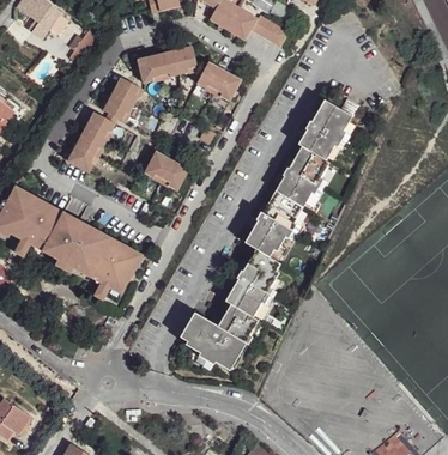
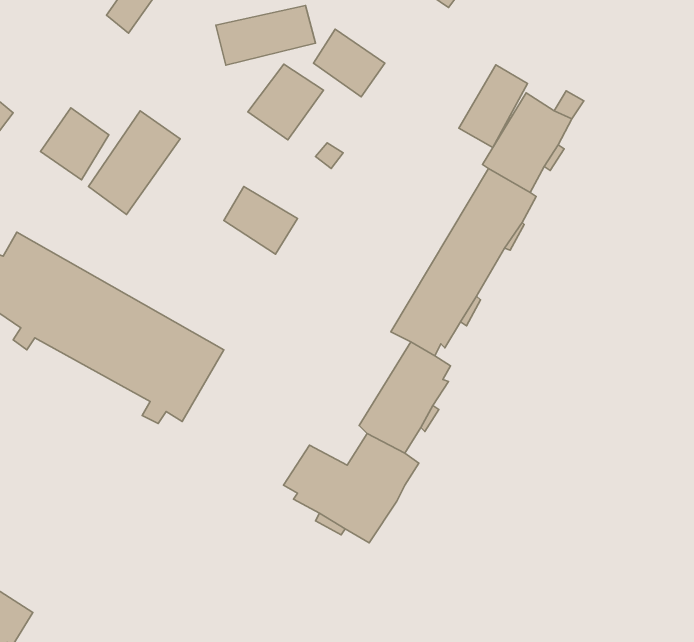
building: [99,81,145,127] -> [248,64,324,140]
building: none -> [459,65,527,147]
building: none -> [40,108,109,180]

